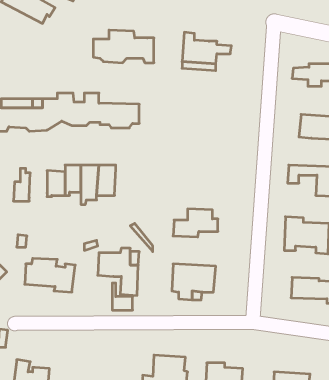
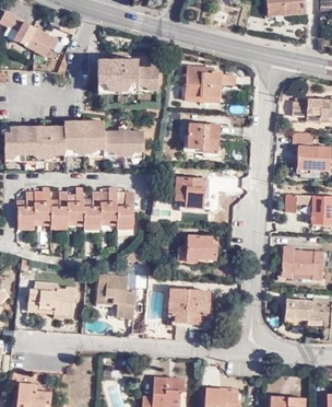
building: none -> [185,124,216,155]
building: none -> [171,177,205,208]
building: none -> [33,193,50,224]
building: none -> [115,196,132,228]

